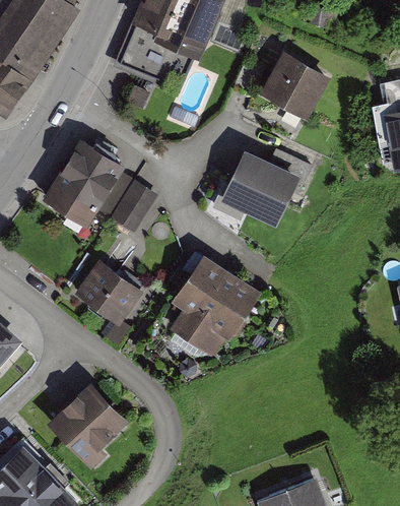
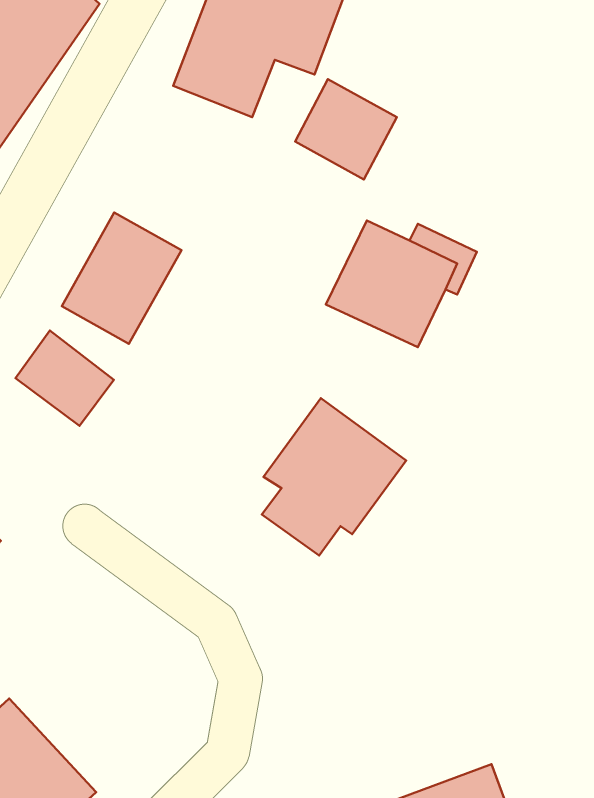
building: [268,55,331,117] -> [295,79,397,179]
building: [113,182,154,229] -> none
building: [80,261,141,320] -> [15,331,114,426]
building: [40,379,123,461] -> none

